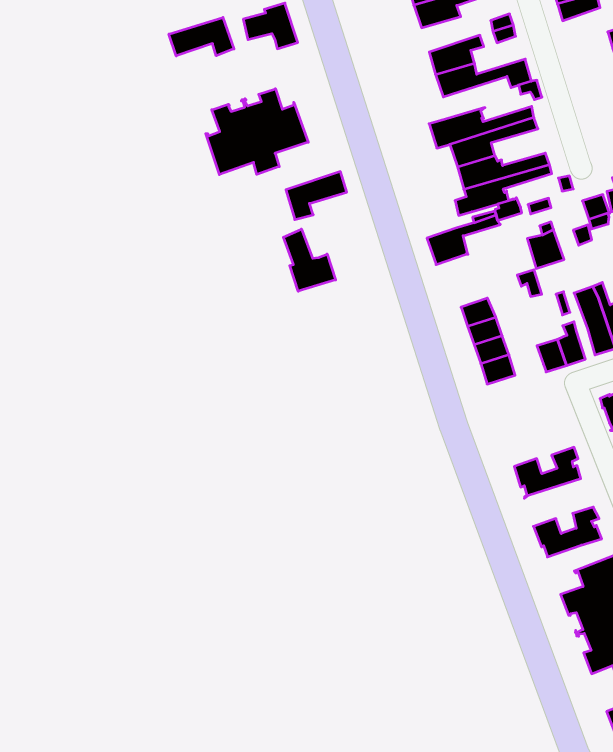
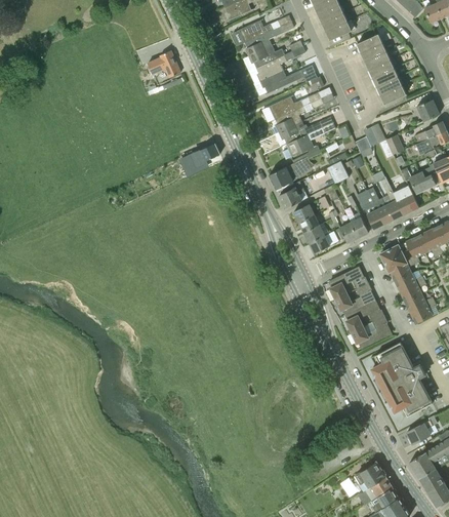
building: none -> [250,45,284,68]
building: [169,17,234,56] -> none
building: [206,89,308,175] -> none
building: [283,229,336,291] -> none
building: none -> [279,181,304,208]
building: none -> [329,267,368,299]
building: none -> [345,301,383,331]

